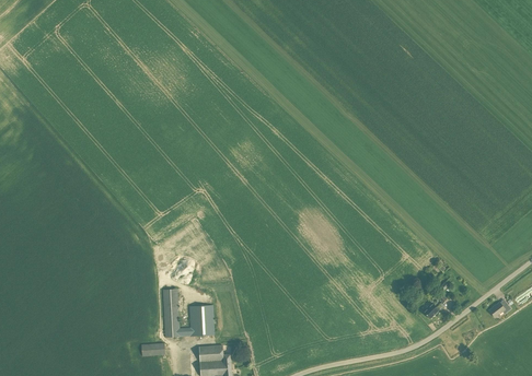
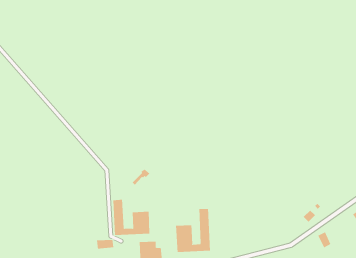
building: none -> [176,208,210,253]

